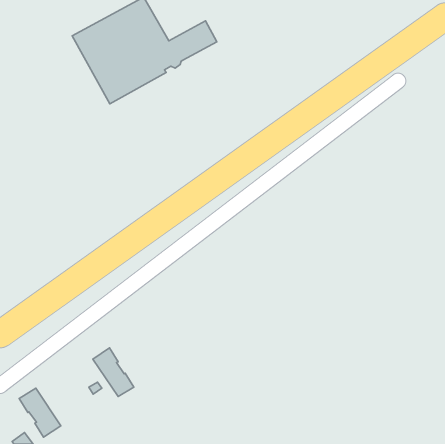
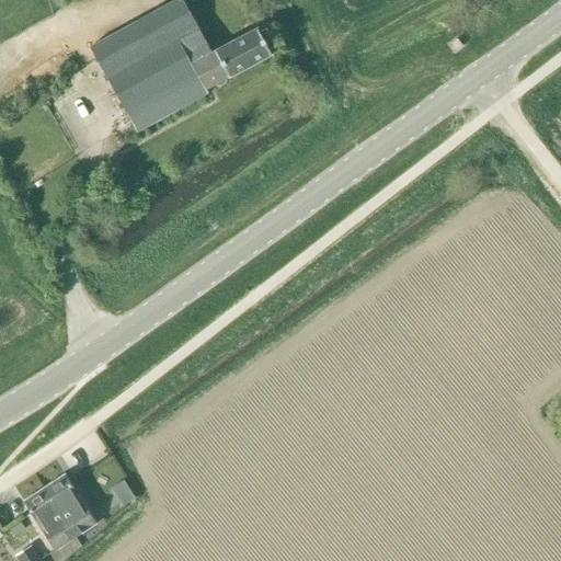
building: [93,348,134,397] -> [45,473,96,535]

